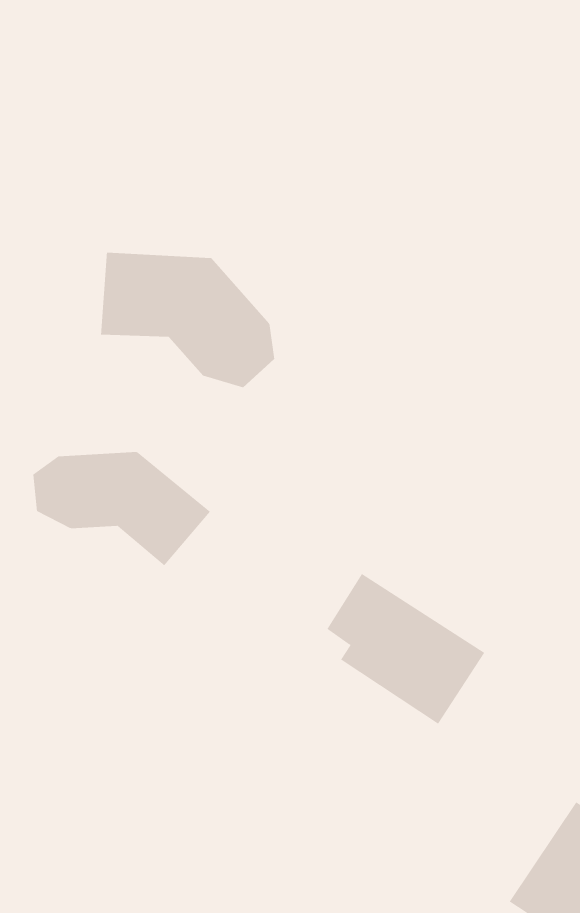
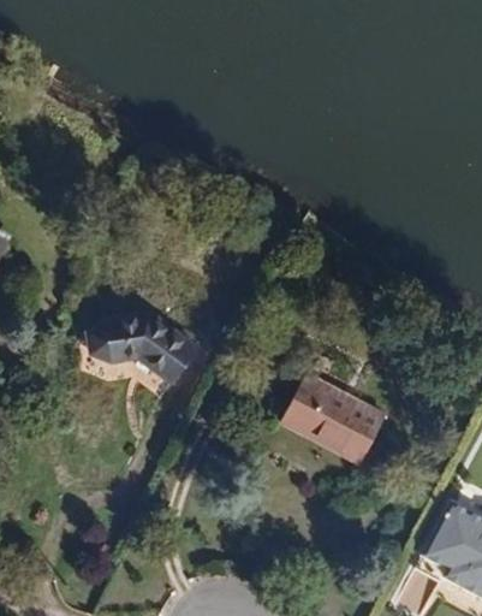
building: [100,252,275,388] -> none

